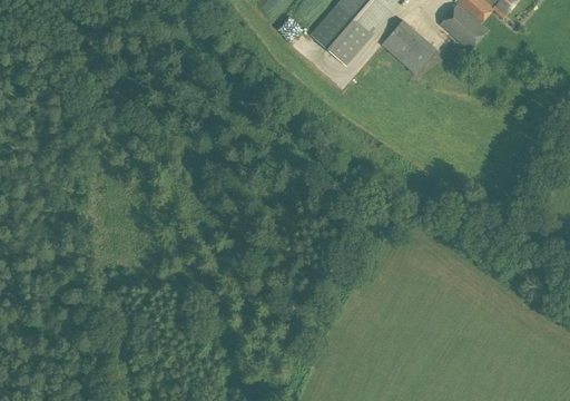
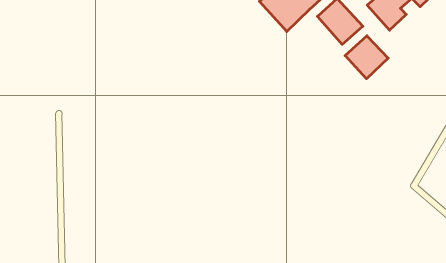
building: none -> [345,36,388,79]

